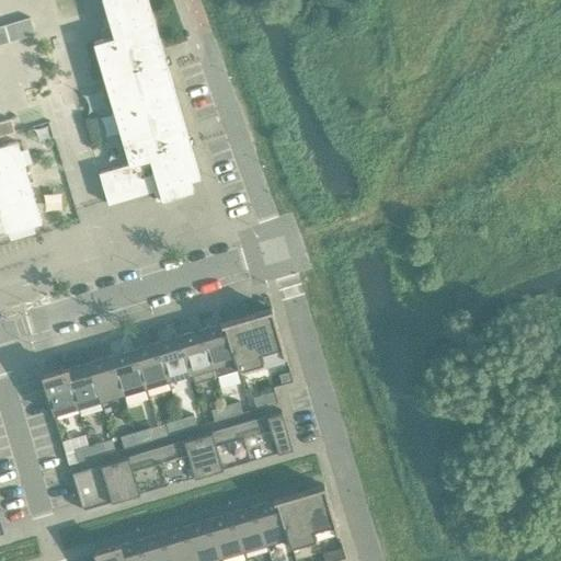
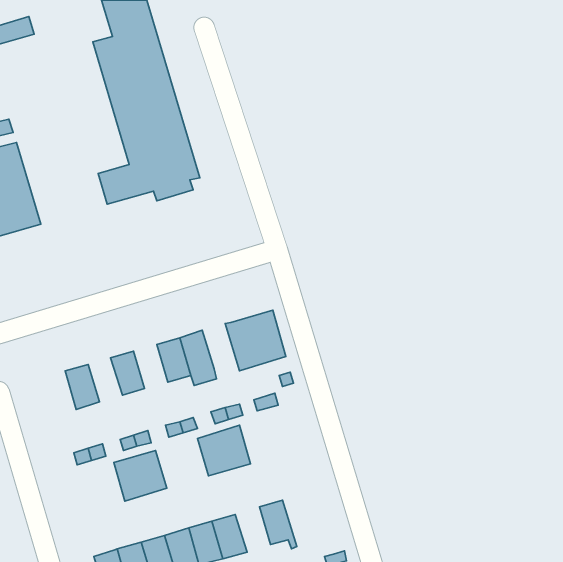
building: [201,323,238,370] -> none
building: [133,344,167,388] -> none
building: [88,357,122,401] -> none
building: [41,370,76,415] -> none
building: [238,412,291,462] -> none
building: [154,437,207,486] -> none
building: [70,461,124,512] -> none
building: [280,486,336,545] -> none
building: [233,505,268,550] -> none

